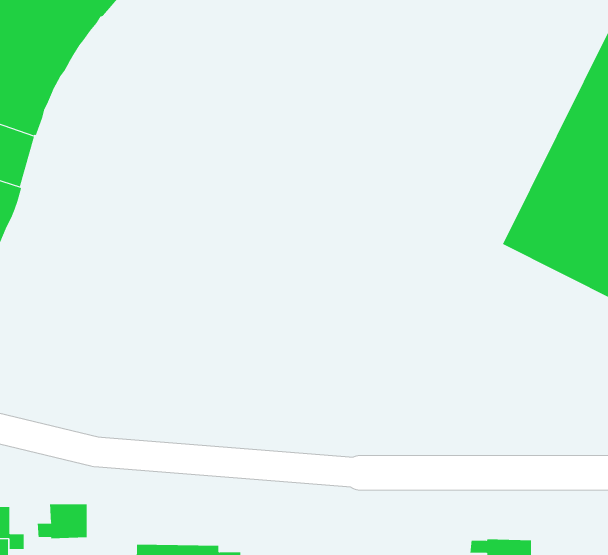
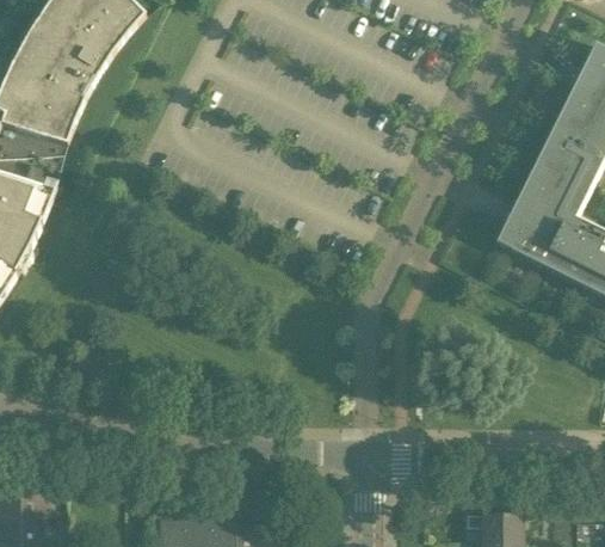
building: [37,504,87,539] -> none

